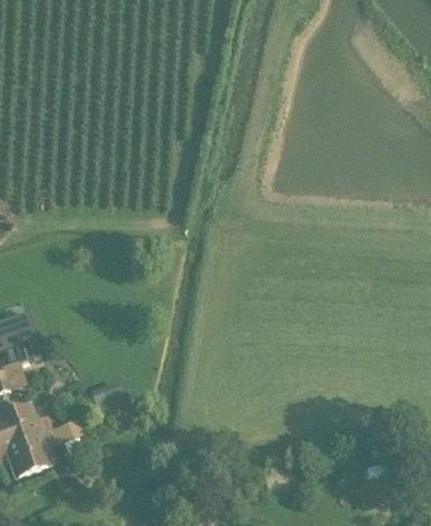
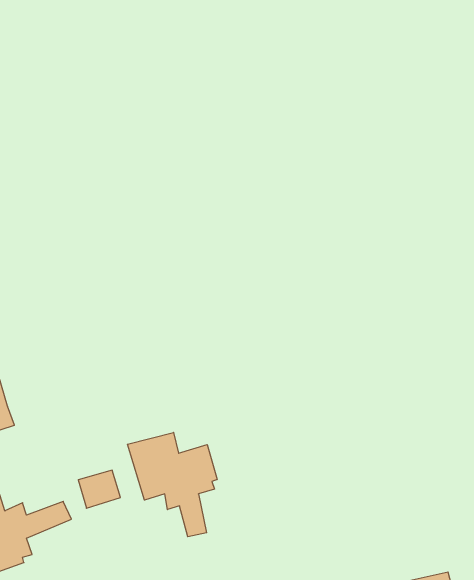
building: none -> [127,432,217,537]

